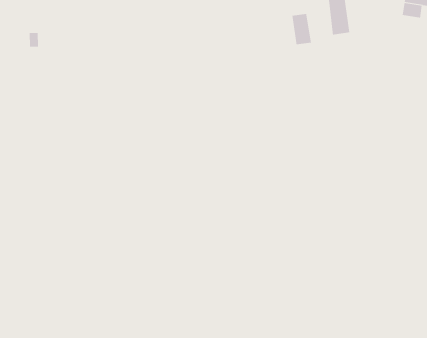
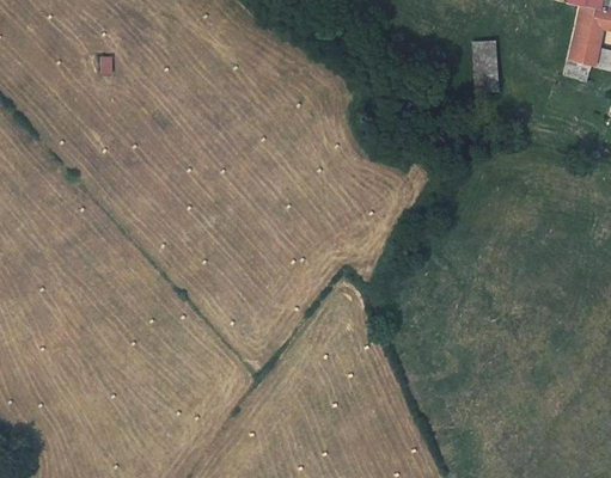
building: [292,13,312,45] -> none

